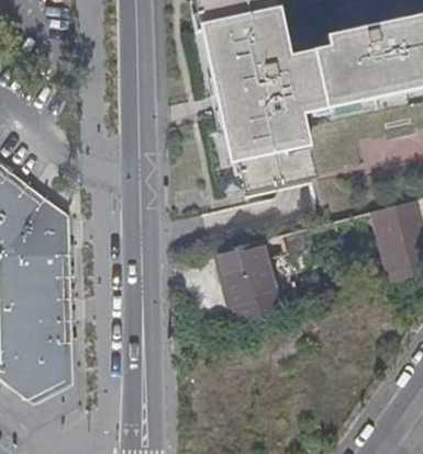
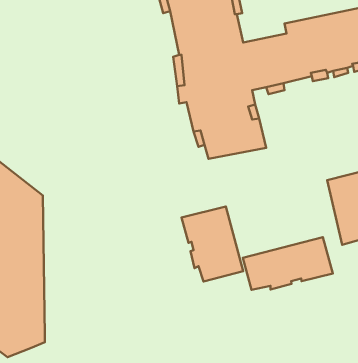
building: none -> [243,237,333,290]

